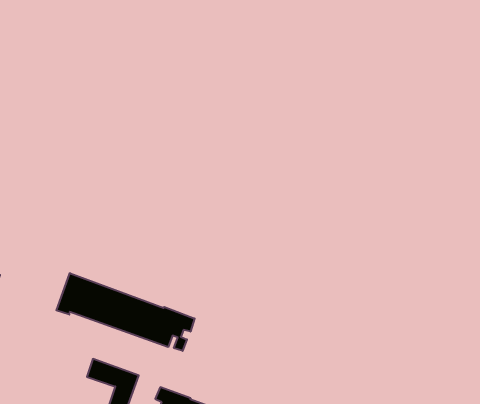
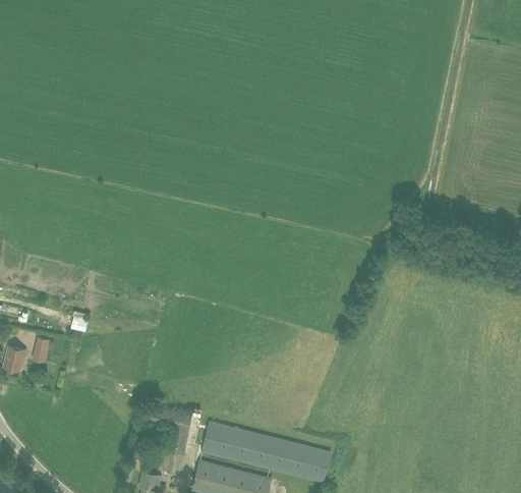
building: [56,273,195,351] -> none

